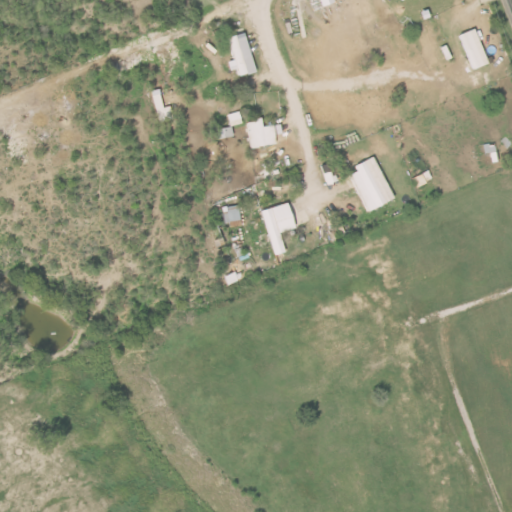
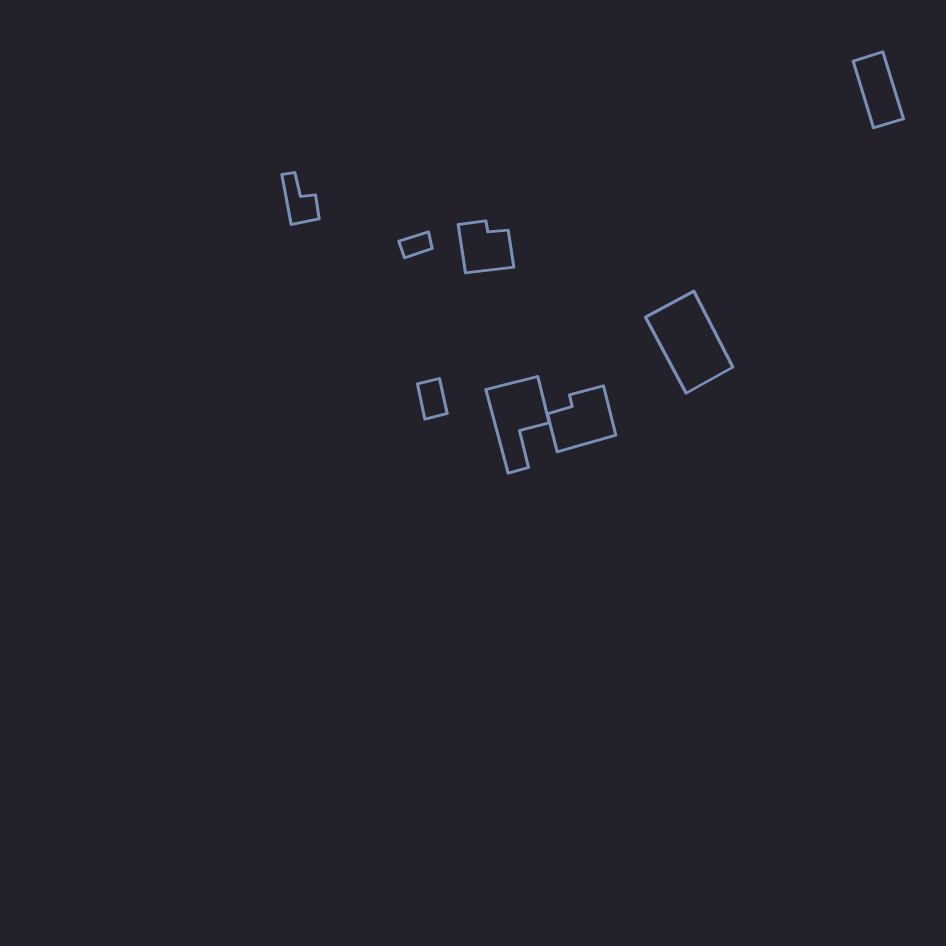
building: [227,32,256,76] -> none
building: none -> [548,386,616,452]

